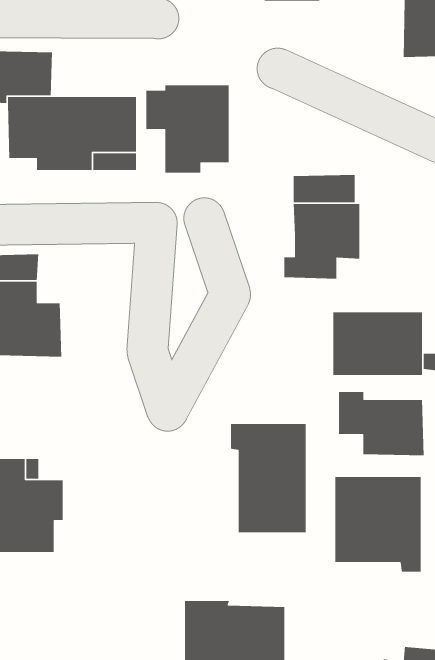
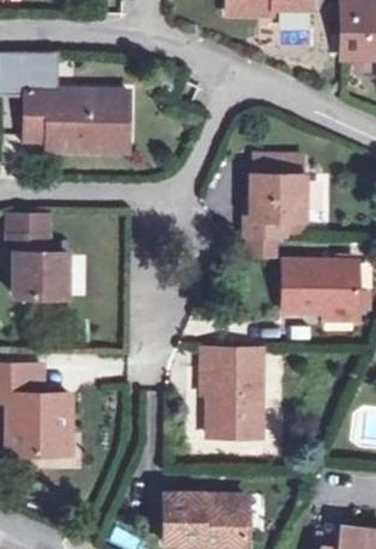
building: [146,85,229,174] -> none
building: [338,391,425,456] -> none
building: [335,476,422,573] -> none

